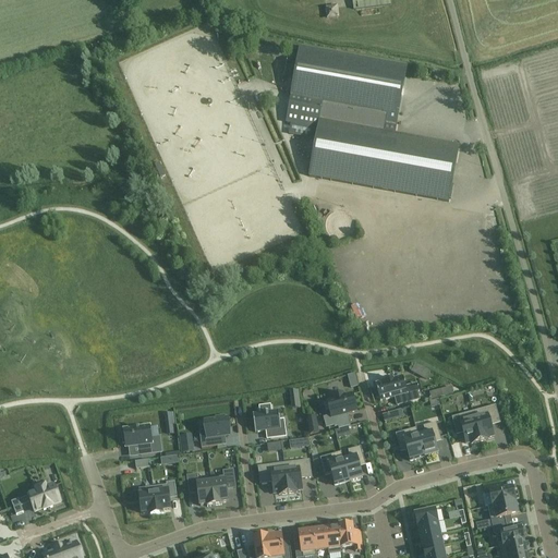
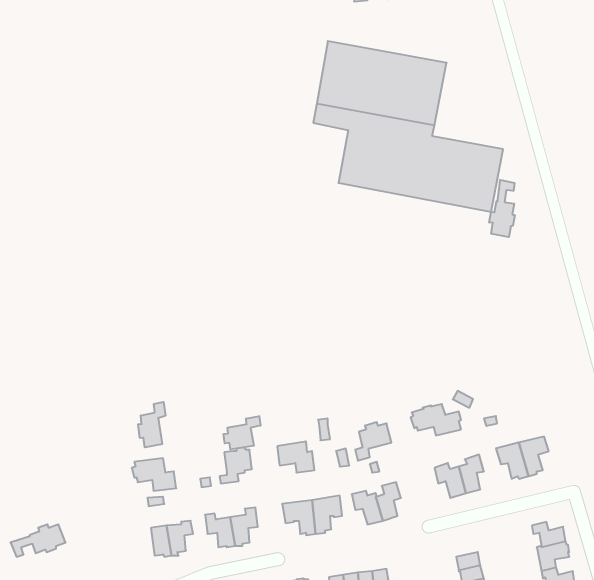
building: none -> [489,180,515,237]
building: none -> [138,402,165,447]
building: none -> [224,416,261,450]

